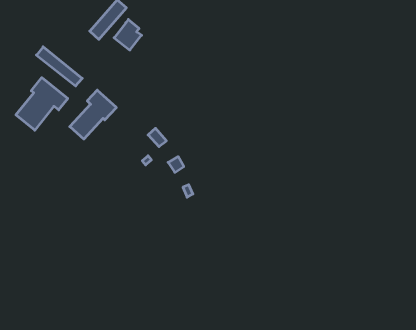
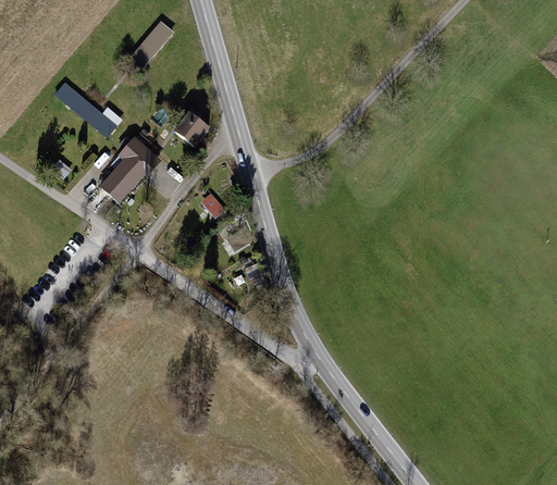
building: [114,19,142,50] -> [175,108,211,148]
building: [16,78,68,130] -> none

